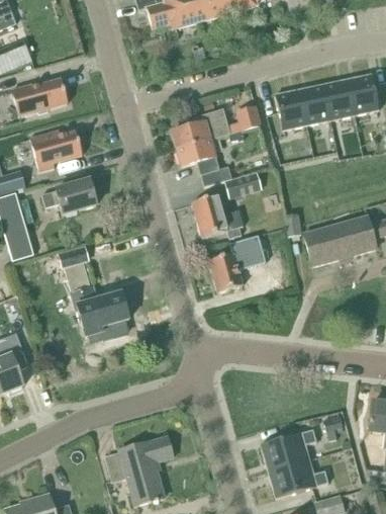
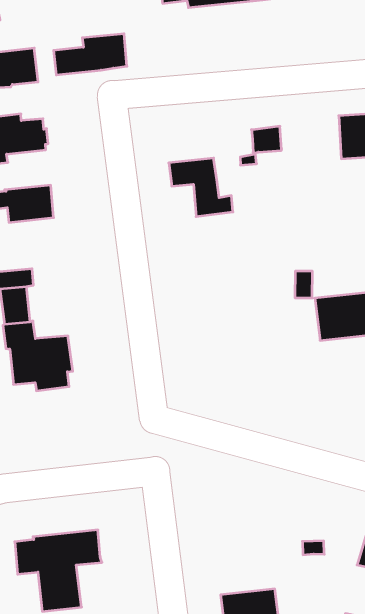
building: [277,91,307,128] -> none
building: [172,108,229,148] -> [54,34,127,75]
building: [225,172,261,196] -> none
building: [192,193,244,237] -> none
building: [209,236,264,291] -> none
building: [261,431,309,469] -> none

